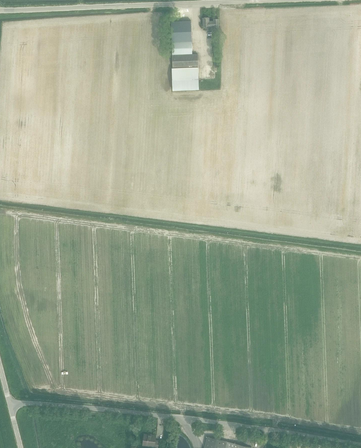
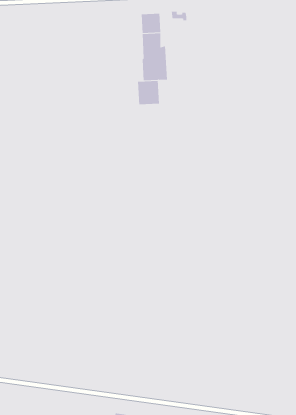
building: none -> [138,80,159,105]

